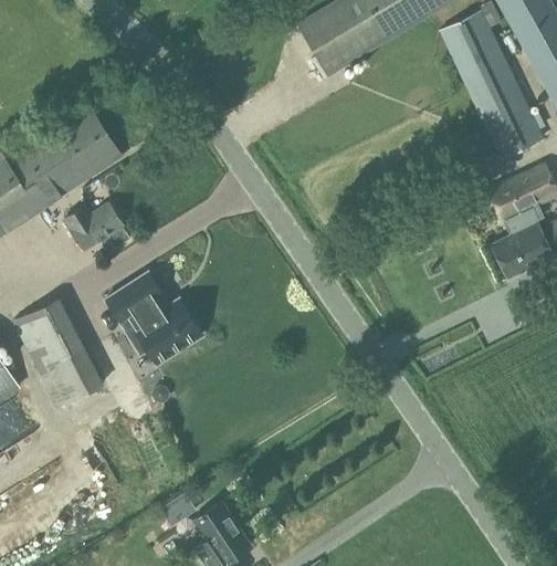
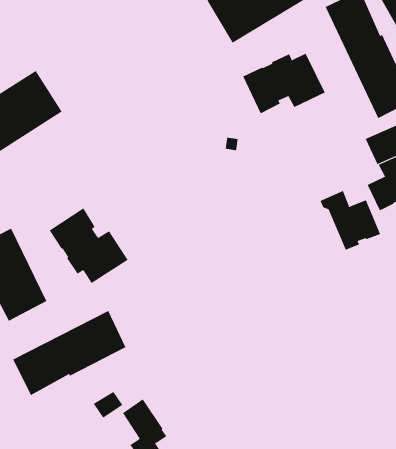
building: none -> [243,53,325,114]
building: [64,203,129,253] -> none
building: none -> [320,190,381,250]
building: none -> [12,310,126,396]

